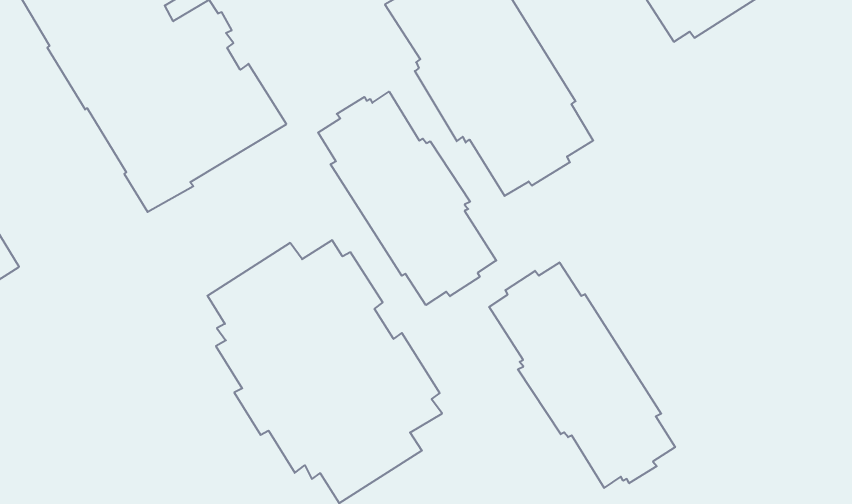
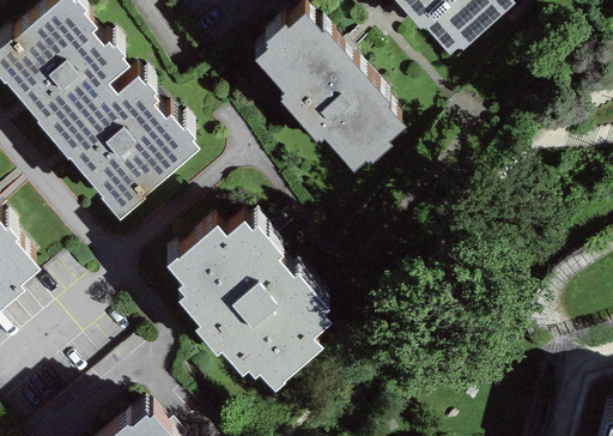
building: [318,92,496,305] -> none
building: [489,262,675,488] -> none

